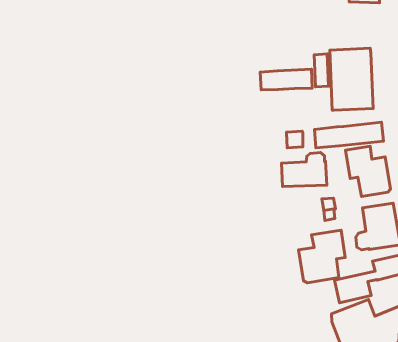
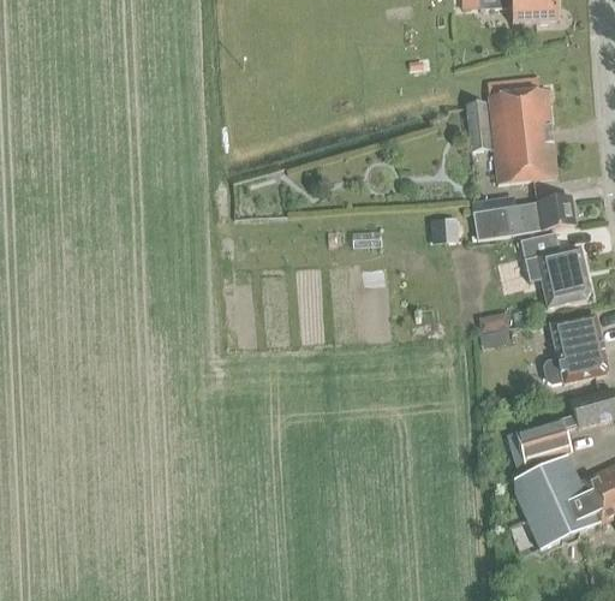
building: [260,69,312,90] -> none
building: [282,153,327,187] -> none
building: [299,230,345,283] -> none

